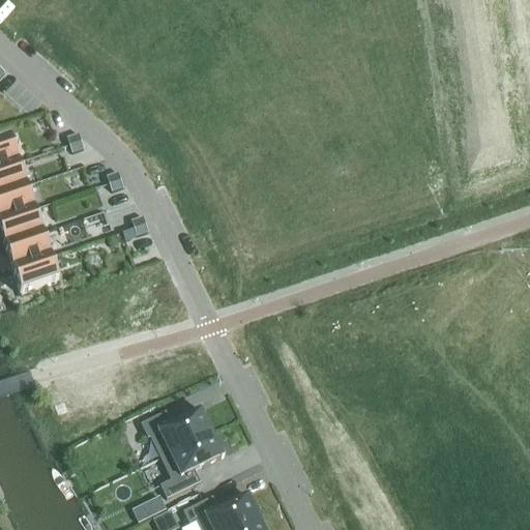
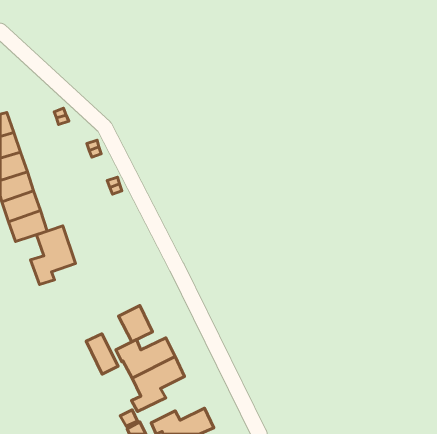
building: none -> [31,226,75,284]
building: none -> [119,306,152,342]
building: none -> [86,334,118,374]

